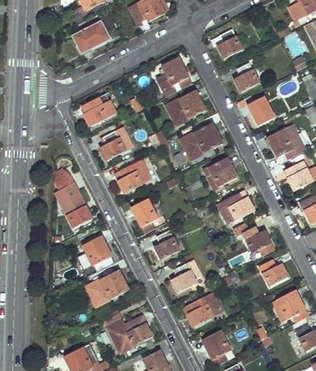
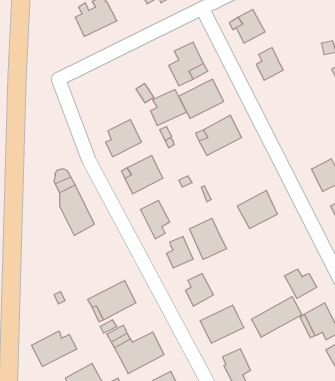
building: [83,94,115,126] -> [150,90,186,126]
building: [247,97,273,125] -> none
building: [266,130,293,158] -> none
building: [204,158,236,189] -> none
building: none -> [190,218,227,259]
building: [242,227,274,256] -> none
building: [82,236,111,267] -> none
building: none -> [252,297,302,337]
building: none -> [31,331,77,367]

